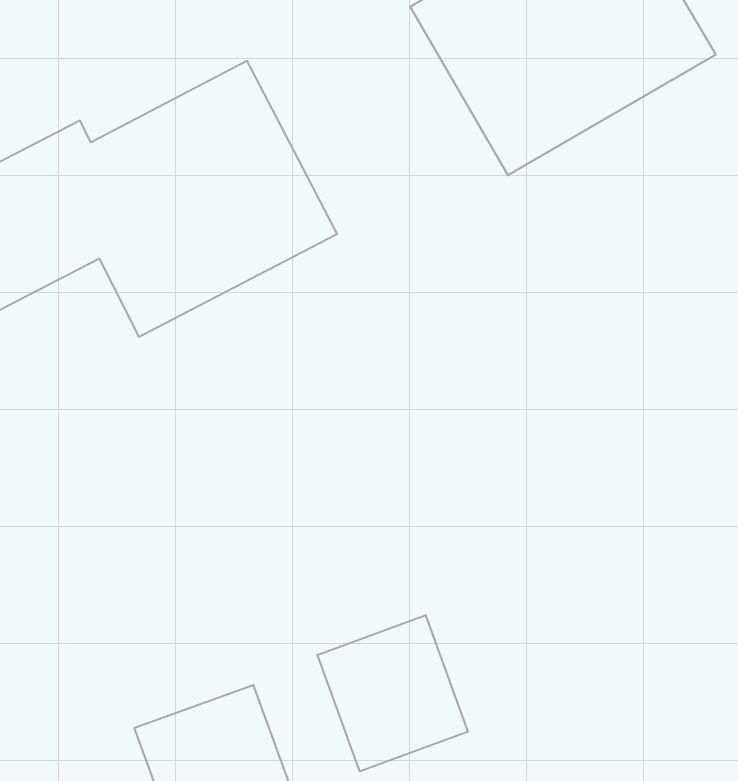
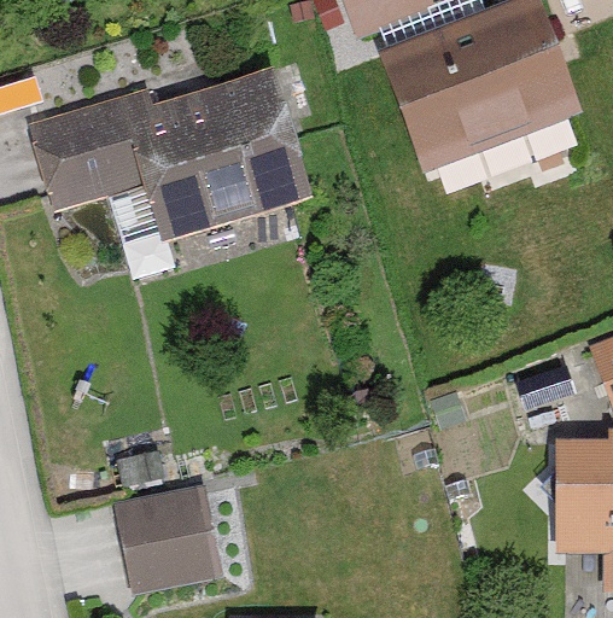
building: [317,615,468,771] -> none

